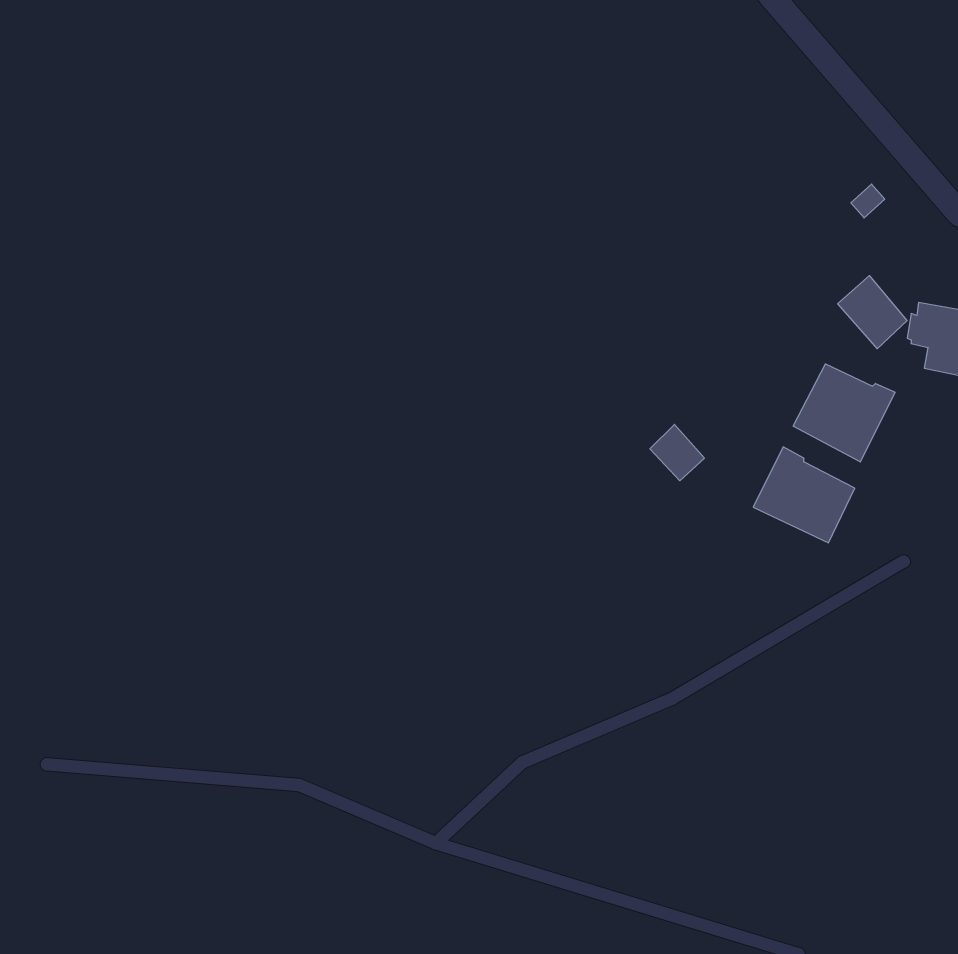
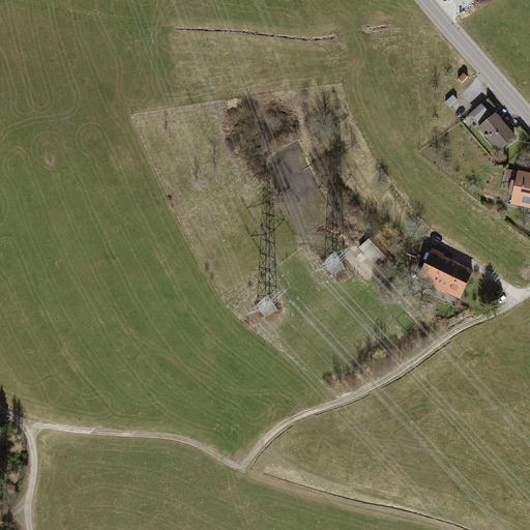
building: [838,276,907,349] -> [477,111,516,151]
building: [793,364,895,462] -> none

